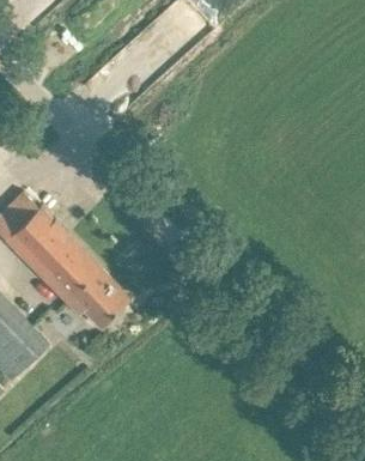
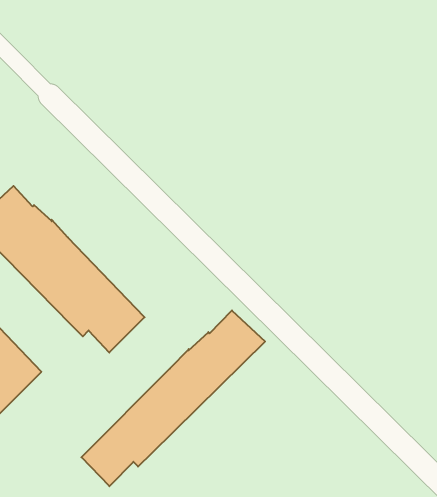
building: none -> [81,310,265,486]

